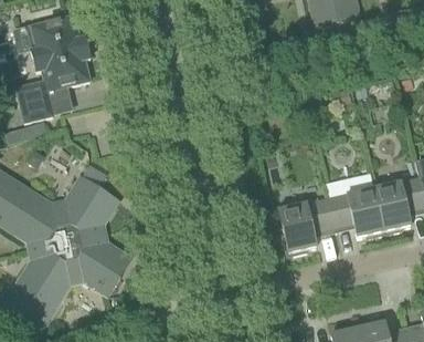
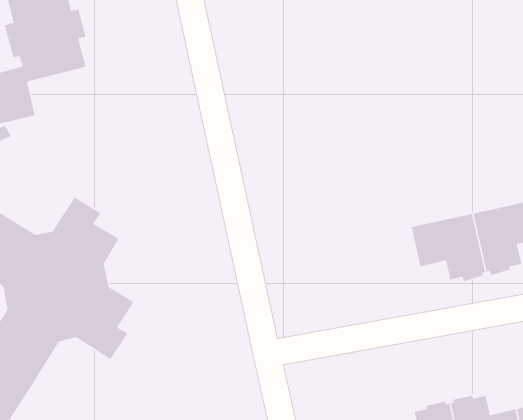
building: [279,197,336,255] -> none

